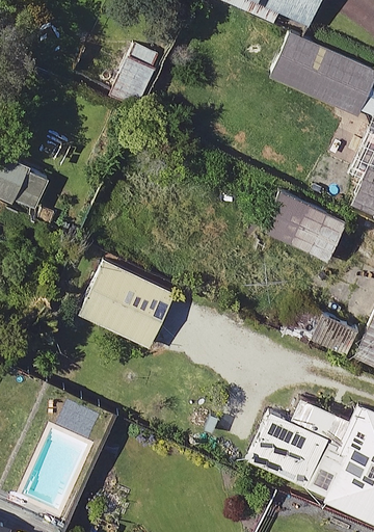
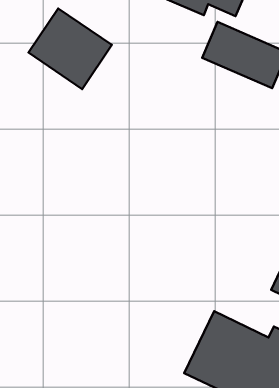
building: [263,191,346,263] -> none
building: [74,259,176,349] -> none

